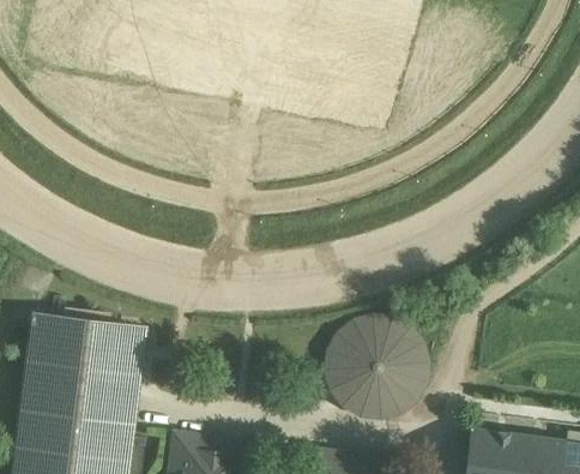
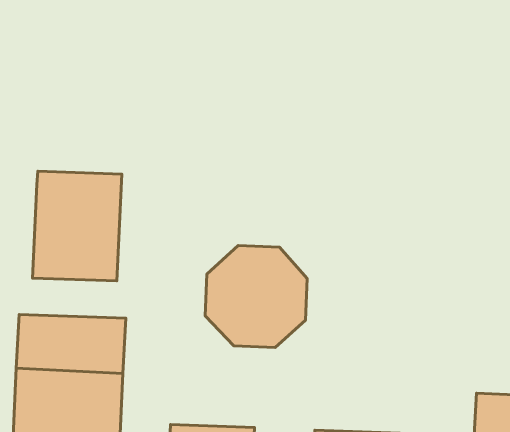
building: none -> [32,171,122,281]
building: [326,317,427,418] -> [205,246,307,347]

